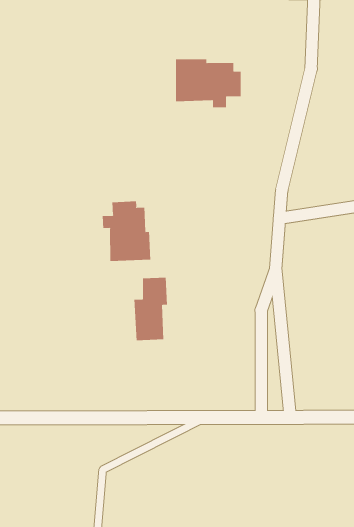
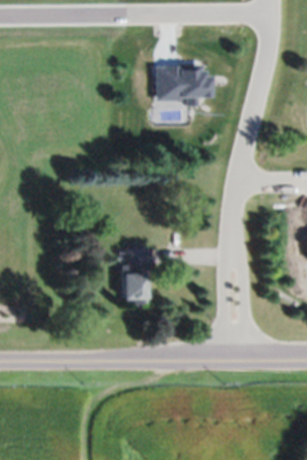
building: [102,201,151,262] -> none

